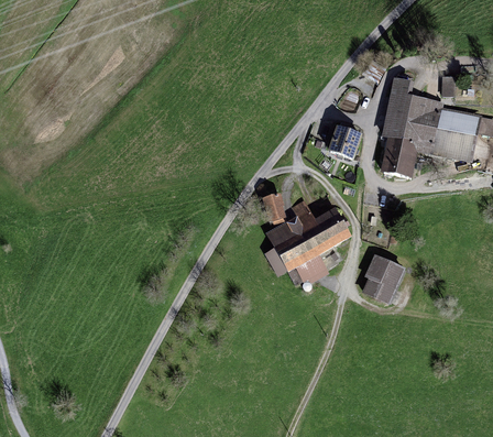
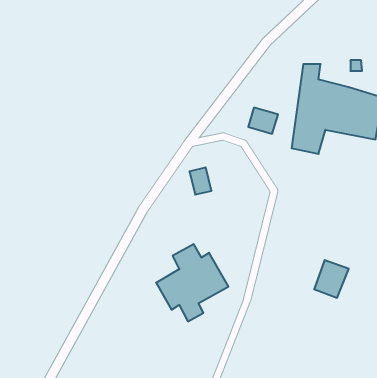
building: [270,192,352,280] -> [156,244,228,321]
building: [365,262,405,305] -> [314,260,349,298]

